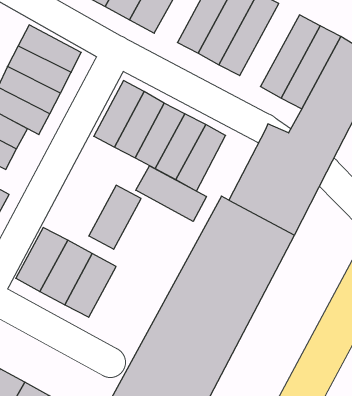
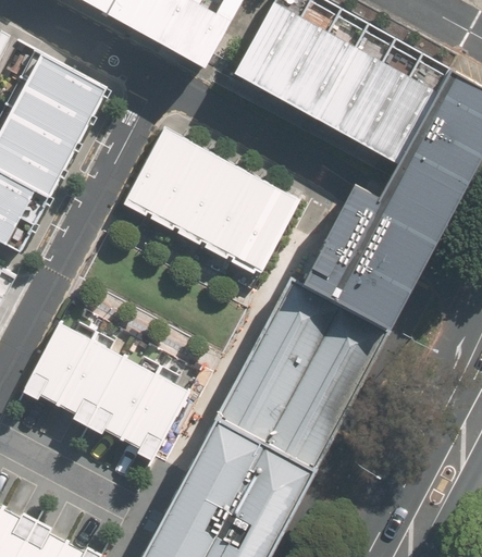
building: none -> [317,26,395,135]
building: [136,166,206,221] -> none
building: [89,185,141,249] -> [119,371,187,455]

